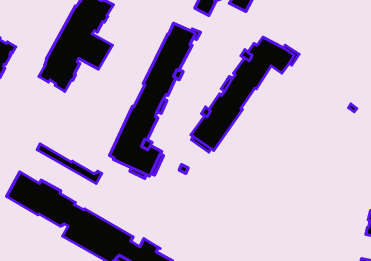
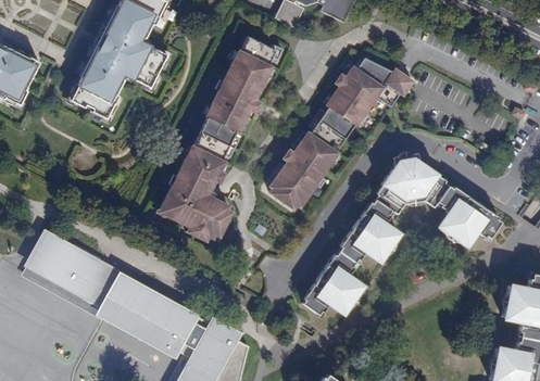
building: none -> [301,156,502,317]
building: [37,144,102,183] -> [23,264,109,316]

